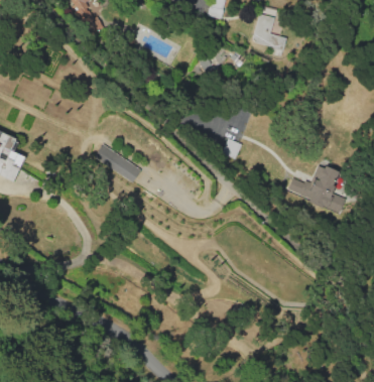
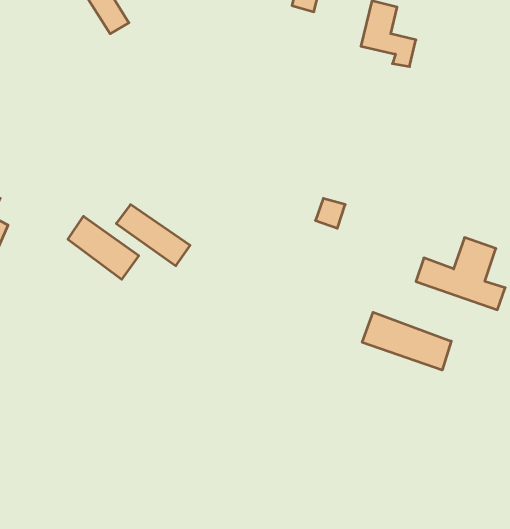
building: none -> [68,216,139,279]
building: none -> [362,312,451,370]

